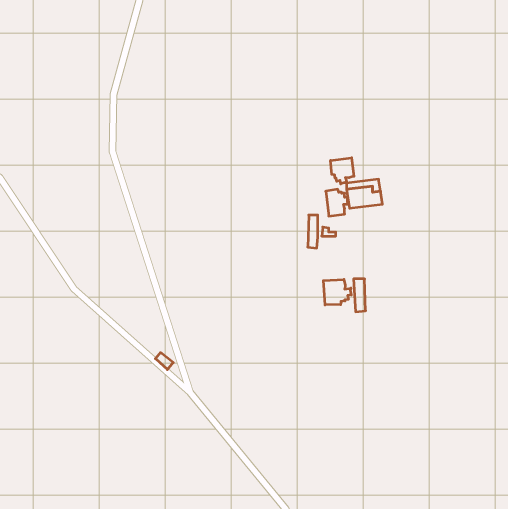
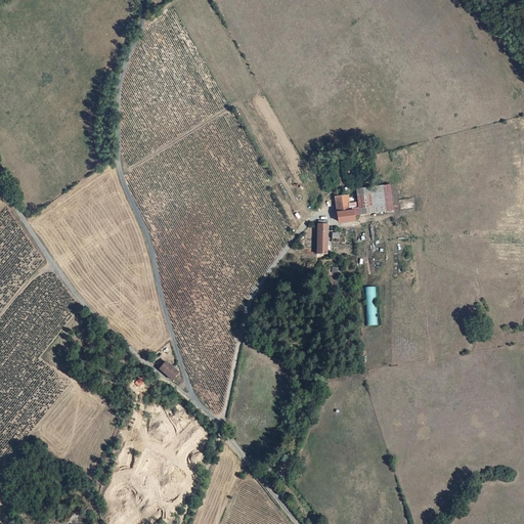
building: [331,158,354,184] -> none
building: [323,279,351,305] -> none

